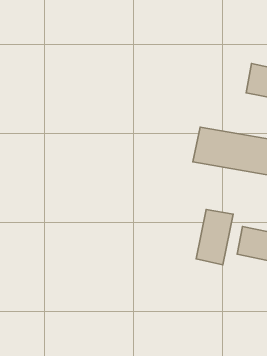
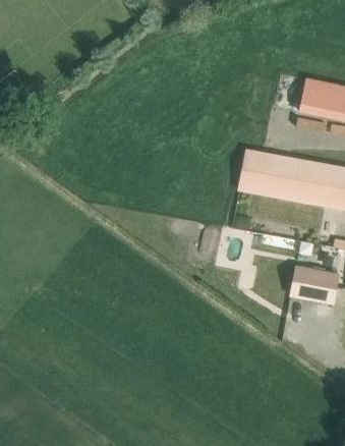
building: [196,209,233,265] -> none

